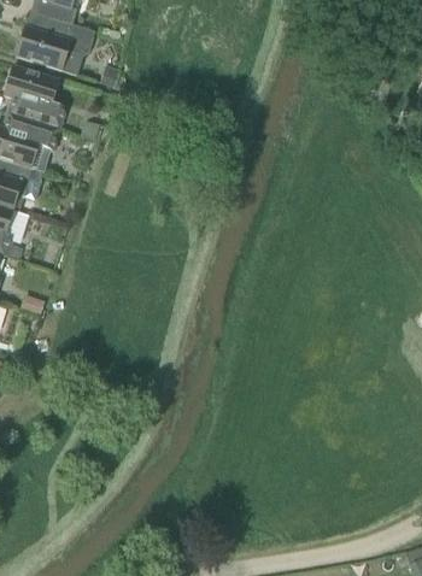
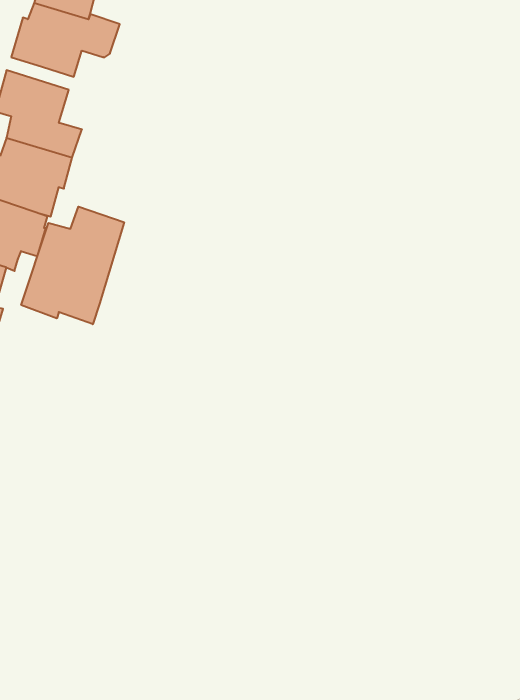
building: none -> [21,207,124,324]

